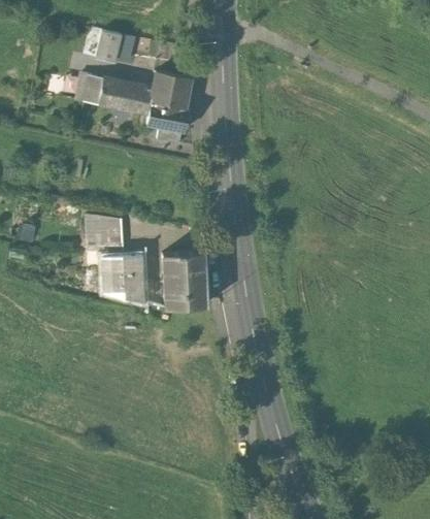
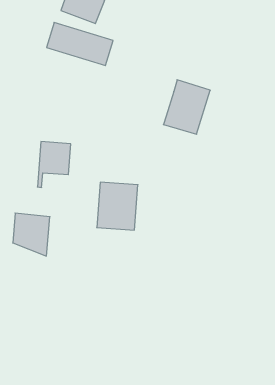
building: [145,69,196,131] -> [163,80,210,134]
building: [100,255,144,302] -> [13,213,50,256]

